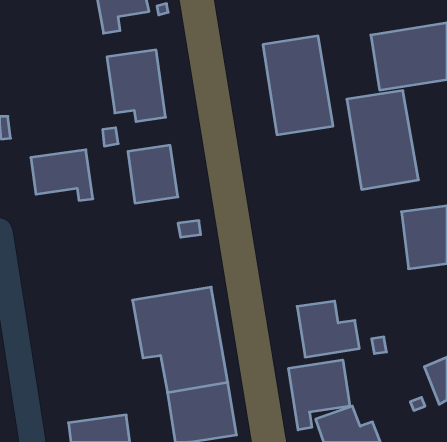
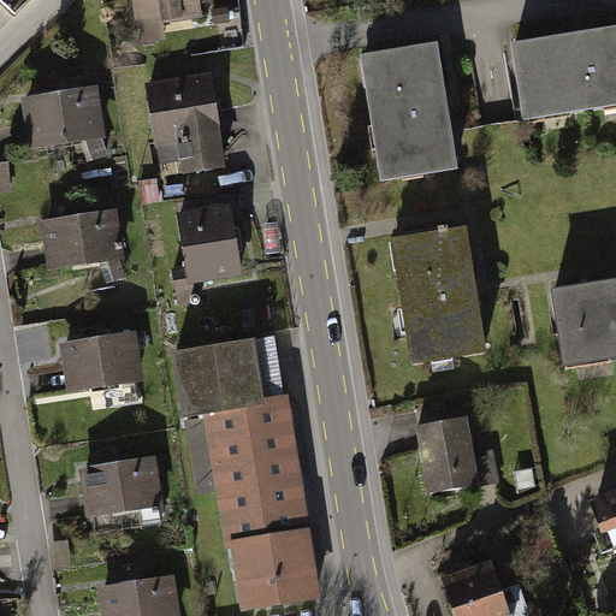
building: none -> [23,83,109,156]
building: [347,91,419,189] -> [387,232,486,368]
building: none -> [64,327,149,399]
building: none -> [172,338,290,413]
building: none -> [73,451,161,516]
building: [289,360,350,430] -> none

